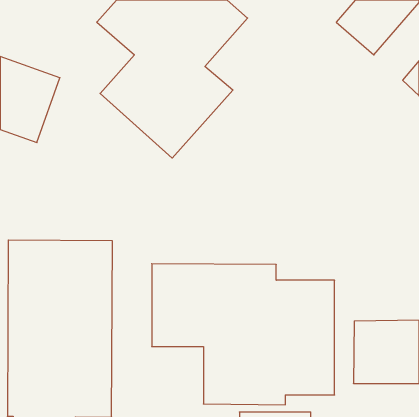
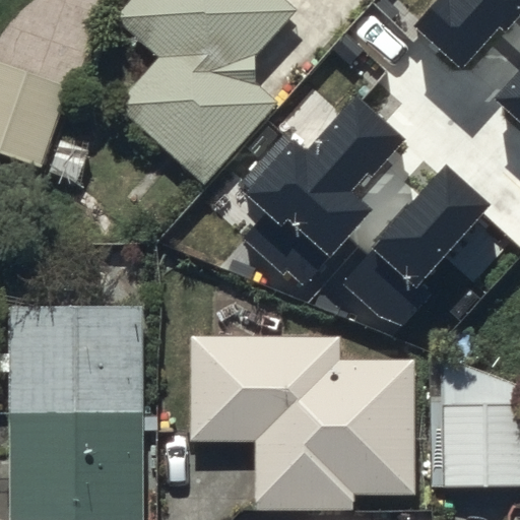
building: none -> [237,106,397,286]
building: none -> [339,175,484,329]

